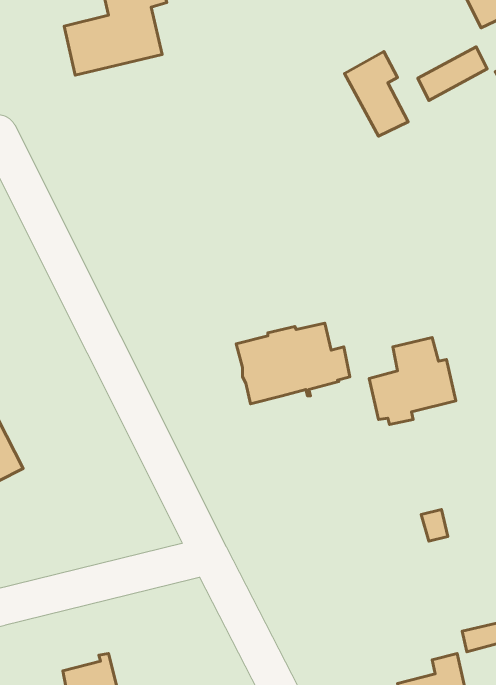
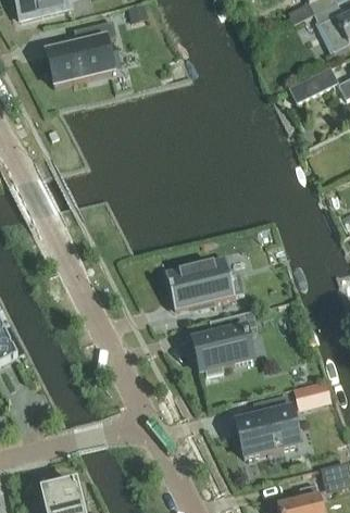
building: [345,51,408,136] -> none
building: [369,337,456,424] -> [192,313,252,373]
building: none -> [235,393,299,455]

